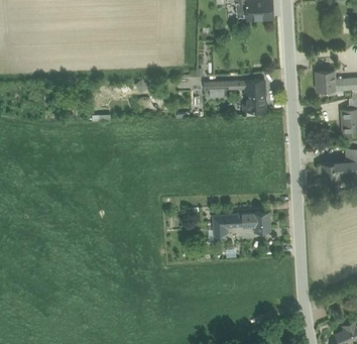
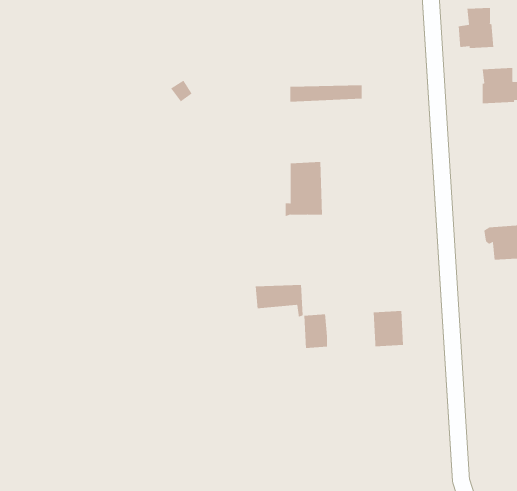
building: none -> [458,7,494,49]
building: [243,80,265,112] -> [285,161,323,217]
building: [225,213,253,232] -> [255,284,303,317]

